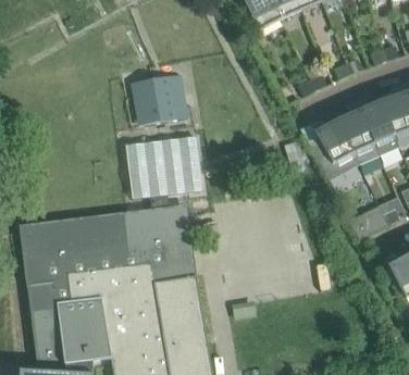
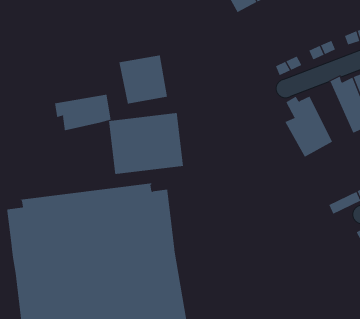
building: [335,102,380,165] -> none
building: none -> [55,94,111,131]

